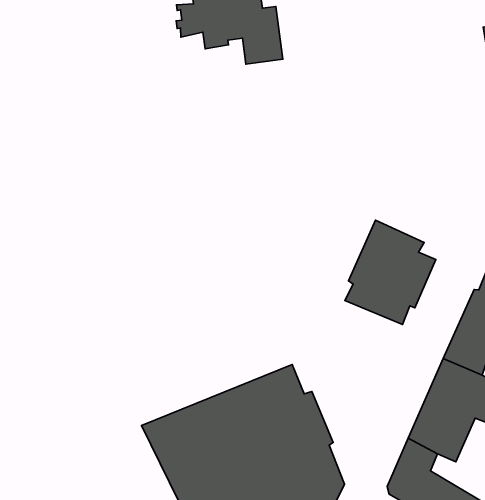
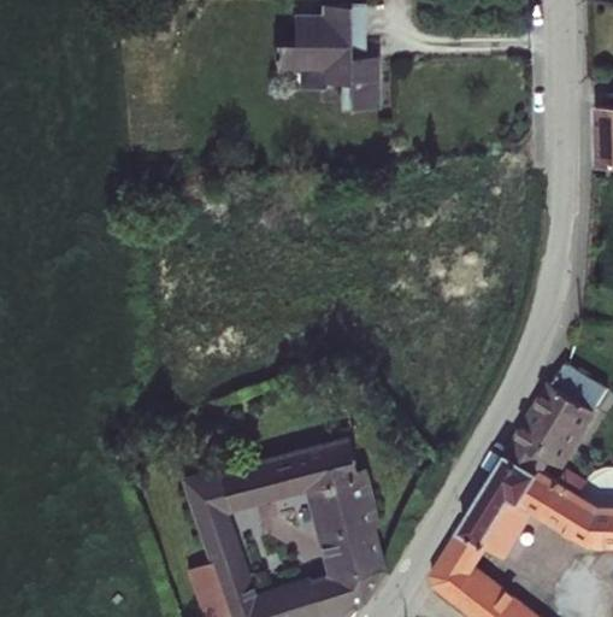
building: [345,220,436,324] -> none

